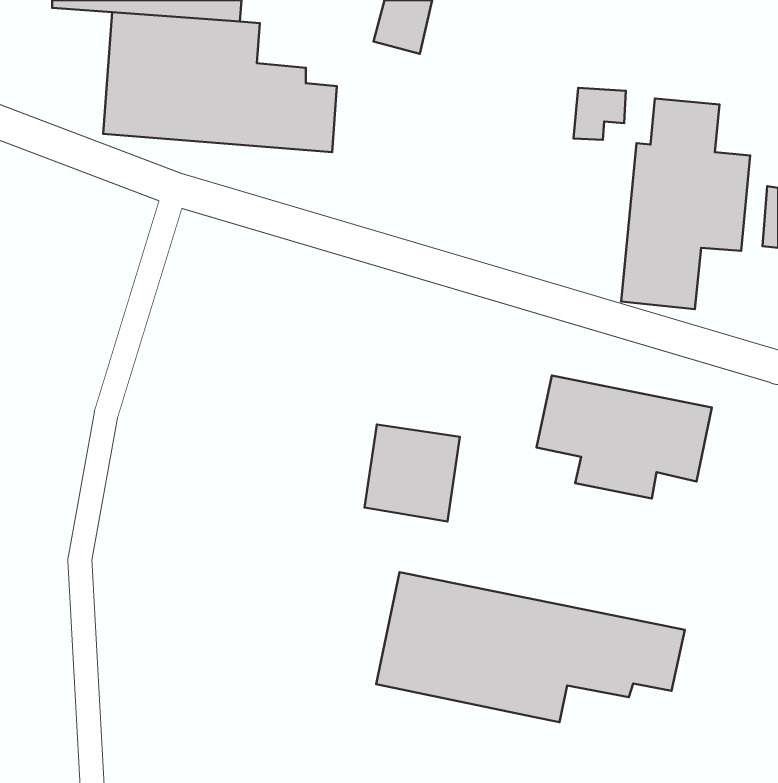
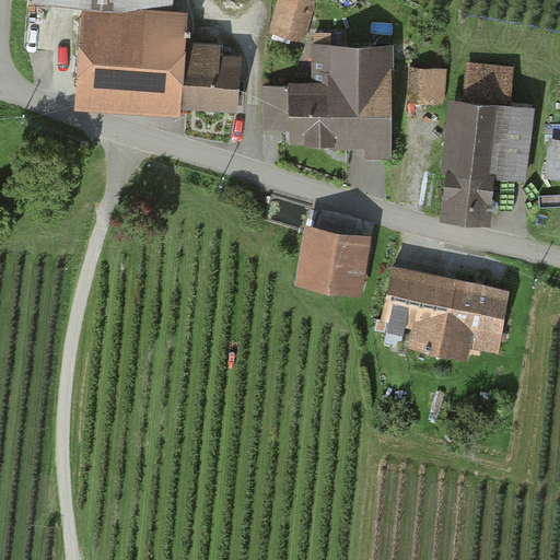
building: none -> [266,50,398,148]
building: [364,425,460,521] -> [295,223,363,292]
building: [376,572,685,722] -> none

